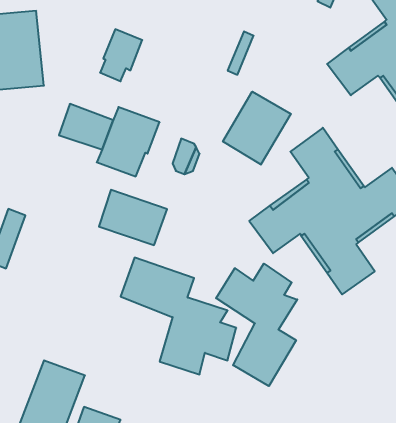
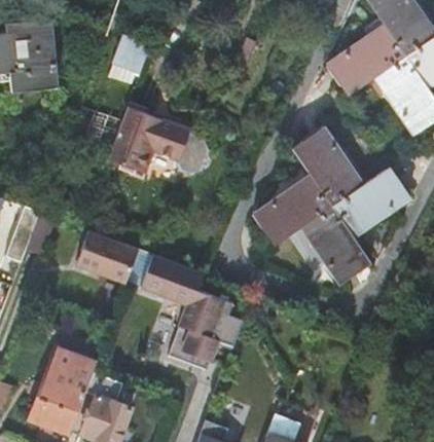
building: [223,92,291,165] -> none
building: none -> [156,122,191,161]
building: [99,190,167,245] -> [71,229,136,282]
building: [216,264,297,386] -> none

